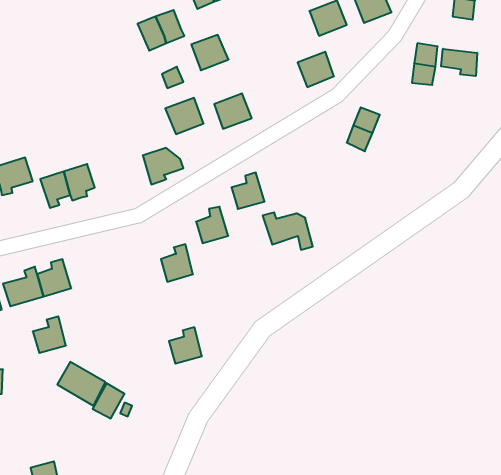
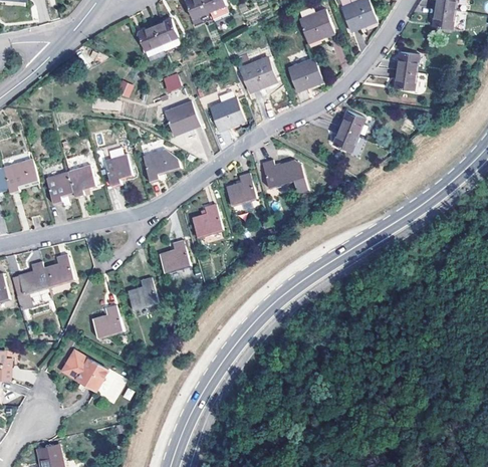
building: [191,35,229,70] -> [240,58,275,91]
building: [441,49,477,76] -> none
building: none -> [103,154,132,188]
building: [263,212,313,250] -> [261,159,308,194]
building: [33,316,66,353] -> [91,304,123,338]
building: [169,327,202,364] -> [127,277,158,311]

